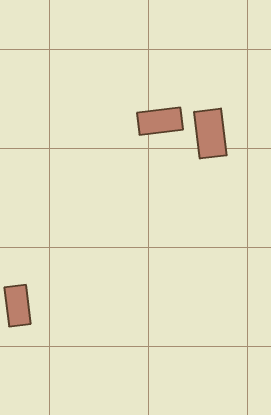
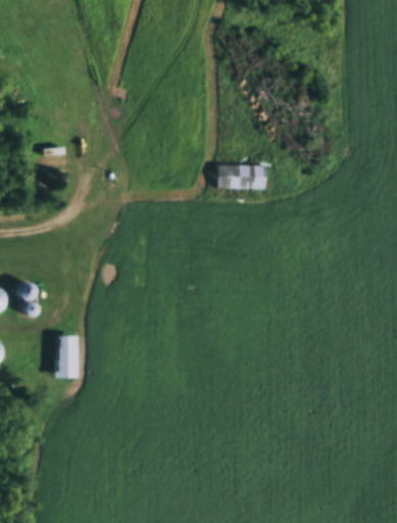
building: [194,108,227,159] -> none

